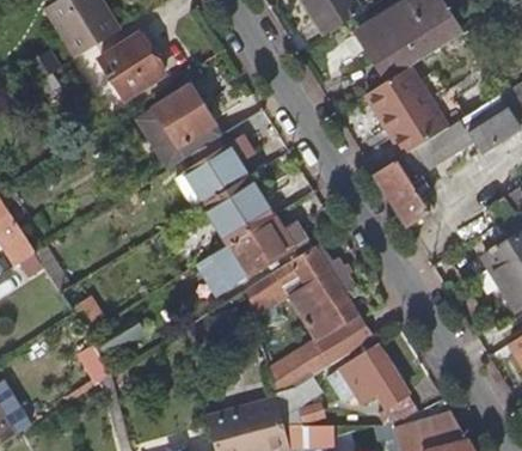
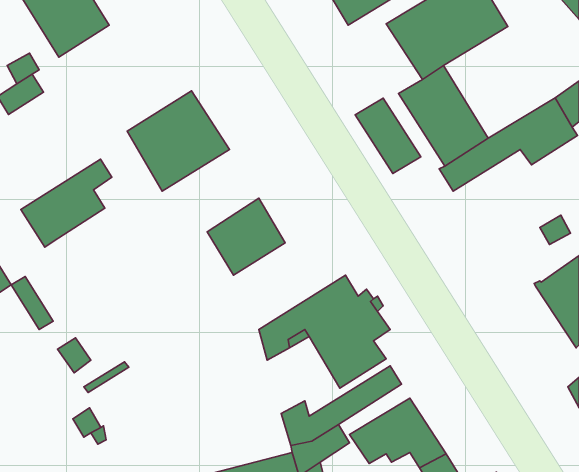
building: [103,36,164,98] -> none
building: [176,138,253,213] -> [21,159,112,247]
building: [374,157,430,221] -> [355,98,421,174]
building: [196,218,305,297] -> none

